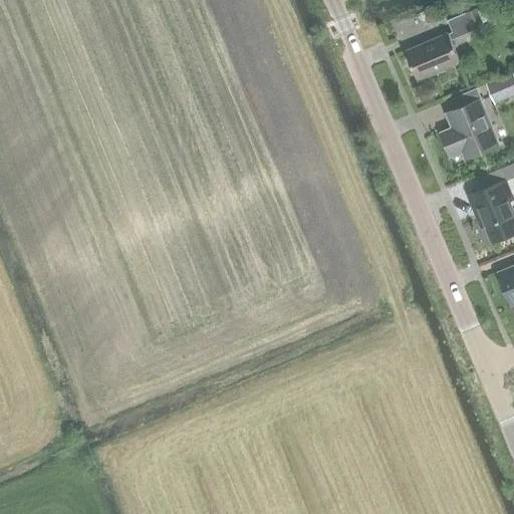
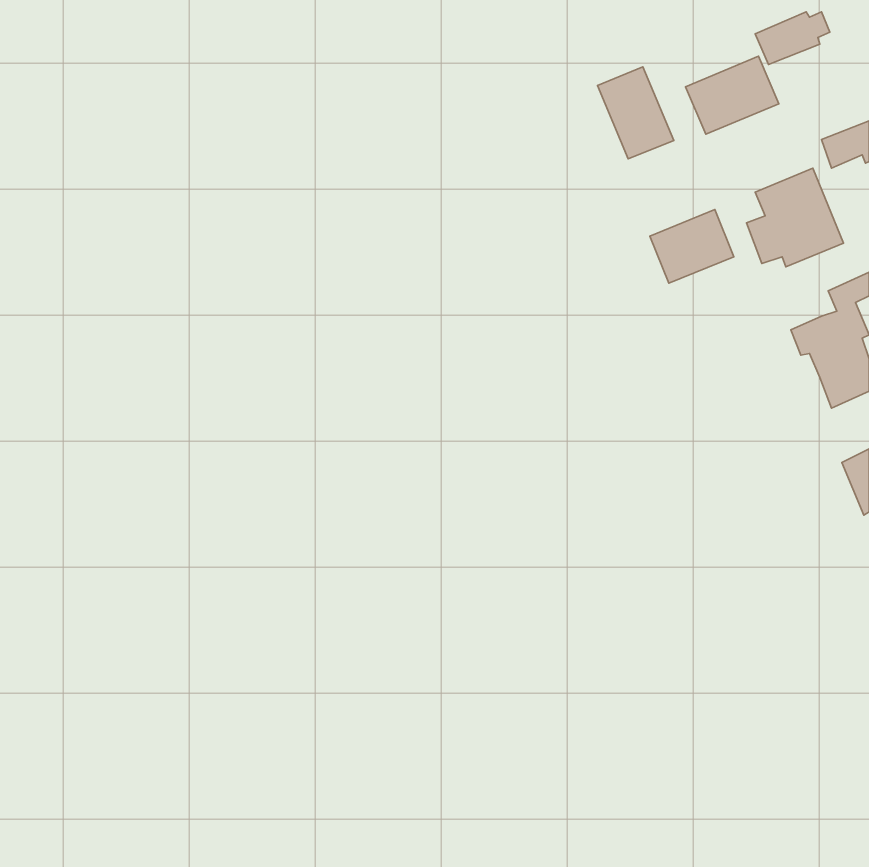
building: none -> [597,67,674,159]
building: none -> [650,210,734,283]

